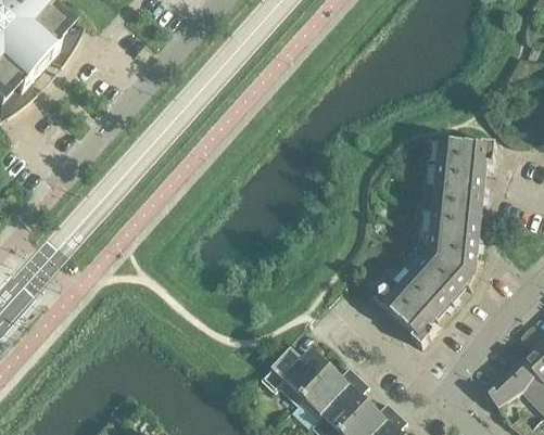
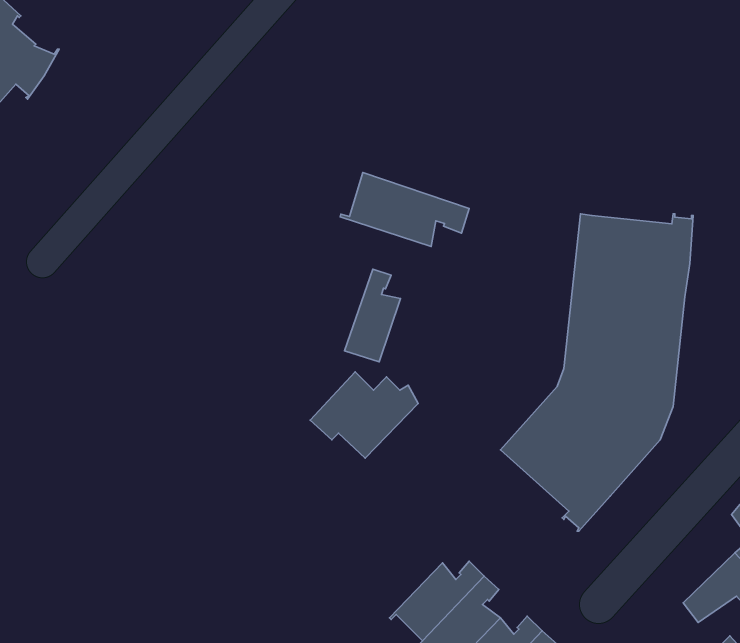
building: none -> [340,173,469,247]
building: none -> [344,269,401,362]
building: [262,347,332,404] -> [310,372,418,458]

